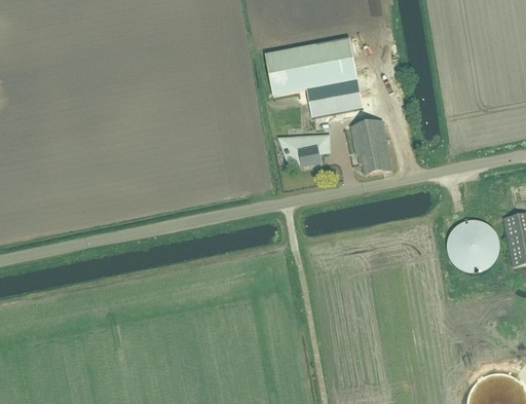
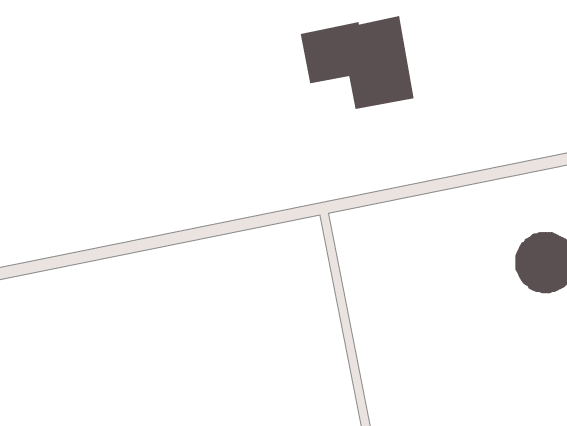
building: [350,119,391,176] -> none
building: [281,136,321,167] -> none

